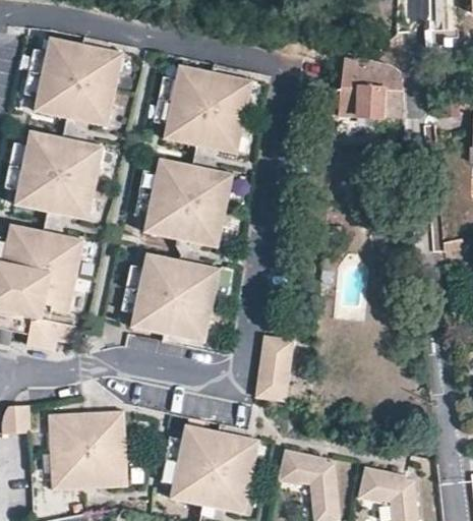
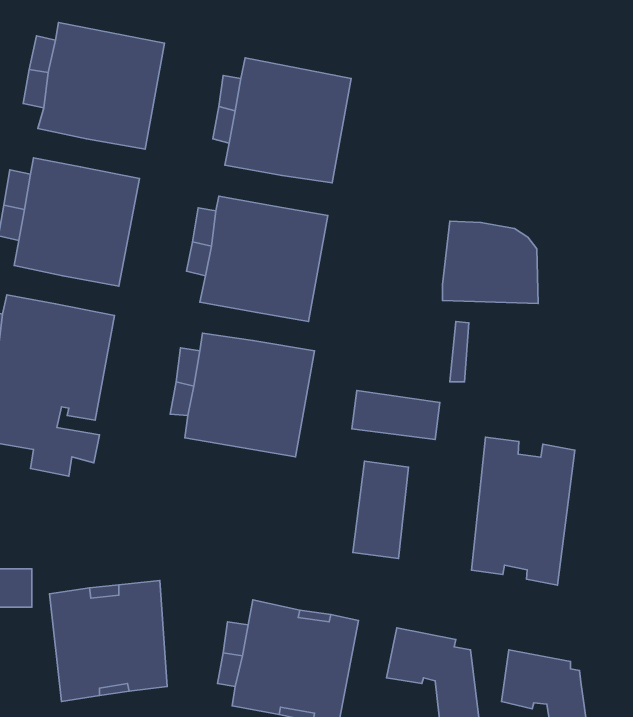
building: [338,66,404,123] -> [443,221,538,303]
building: none -> [352,390,440,440]
building: none -> [472,437,575,585]

